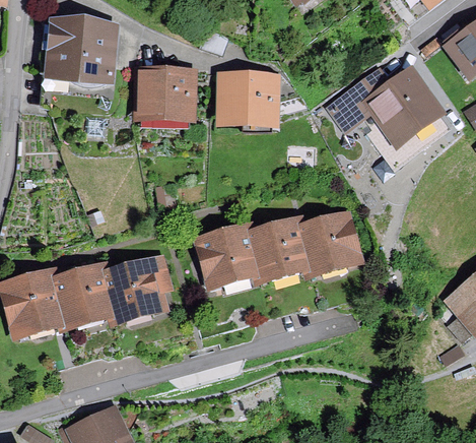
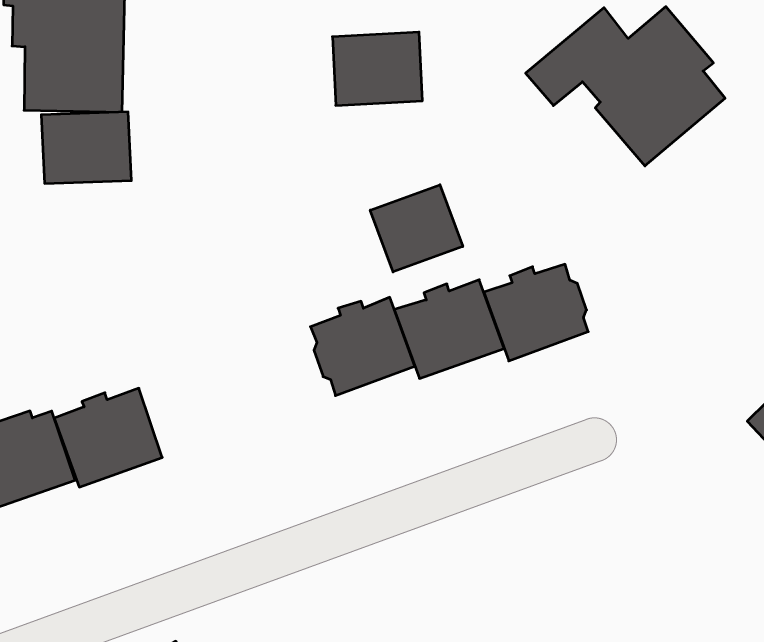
building: [142,71,192,112] -> [41,112,131,183]
building: none -> [370,185,463,272]
building: [106,261,162,313] -> none

